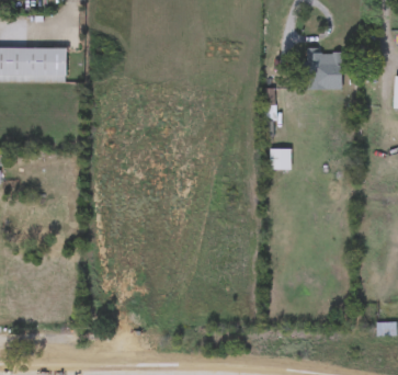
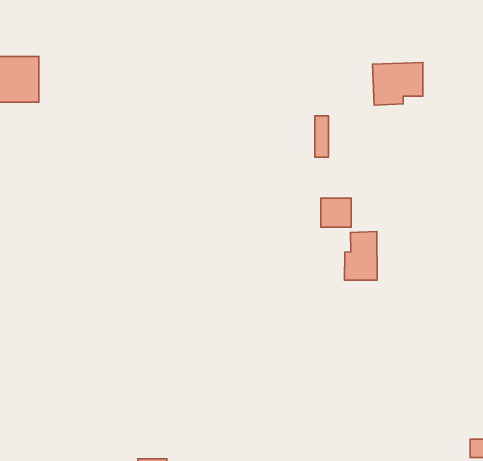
building: none -> [345,231,377,280]

